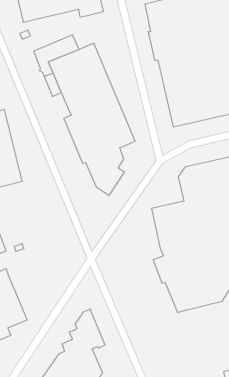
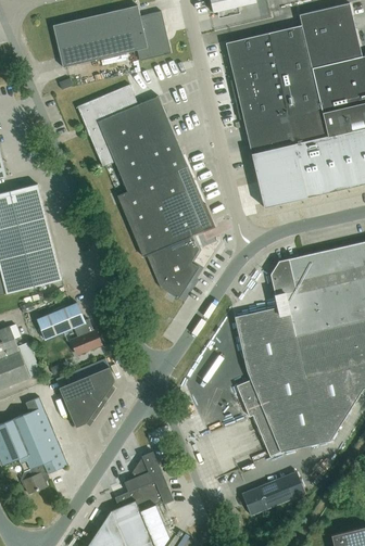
building: none -> [37,303,101,355]
building: none -> [59,367,115,428]
building: none -> [242,471,305,515]

